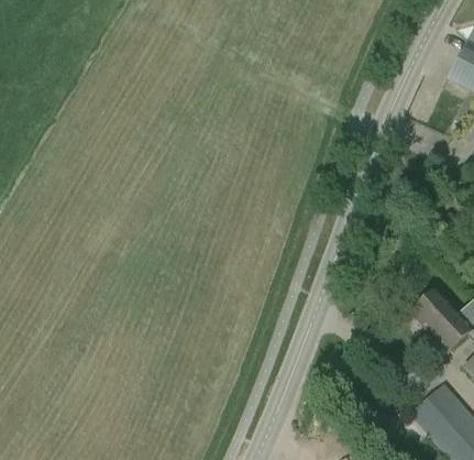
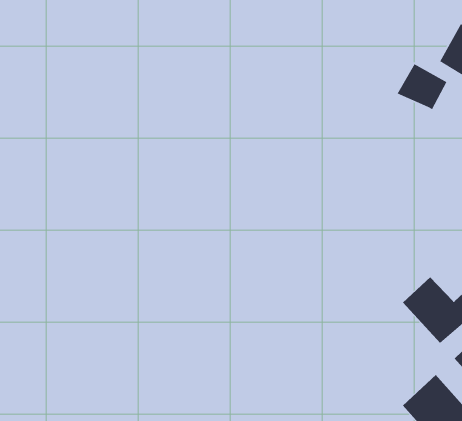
building: none -> [397,63,447,110]

